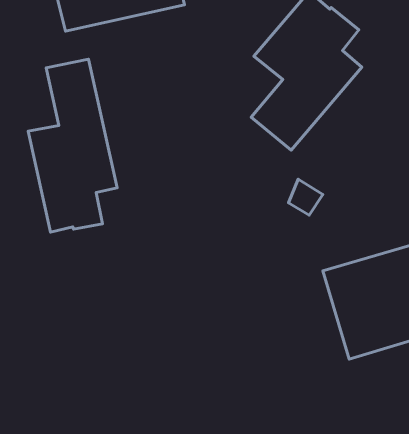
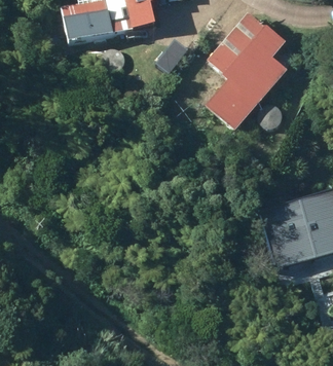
building: [28,59,117,232] -> none

